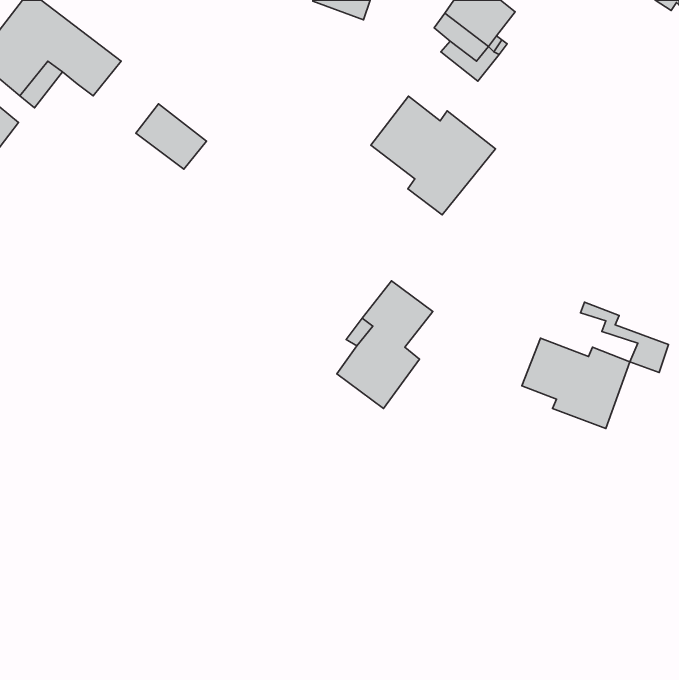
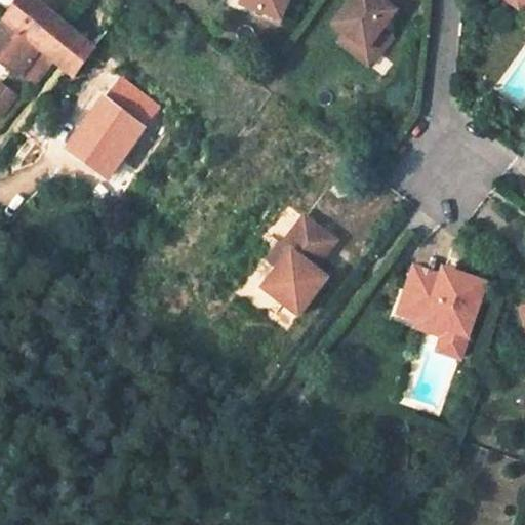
building: [371,96,496,215] -> none
building: none -> [72,103,142,174]
building: [580,302,668,373] -> [399,297,467,352]

